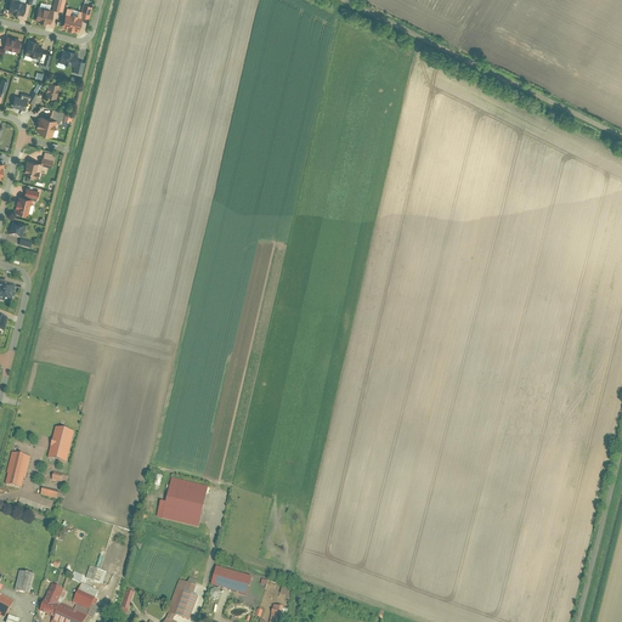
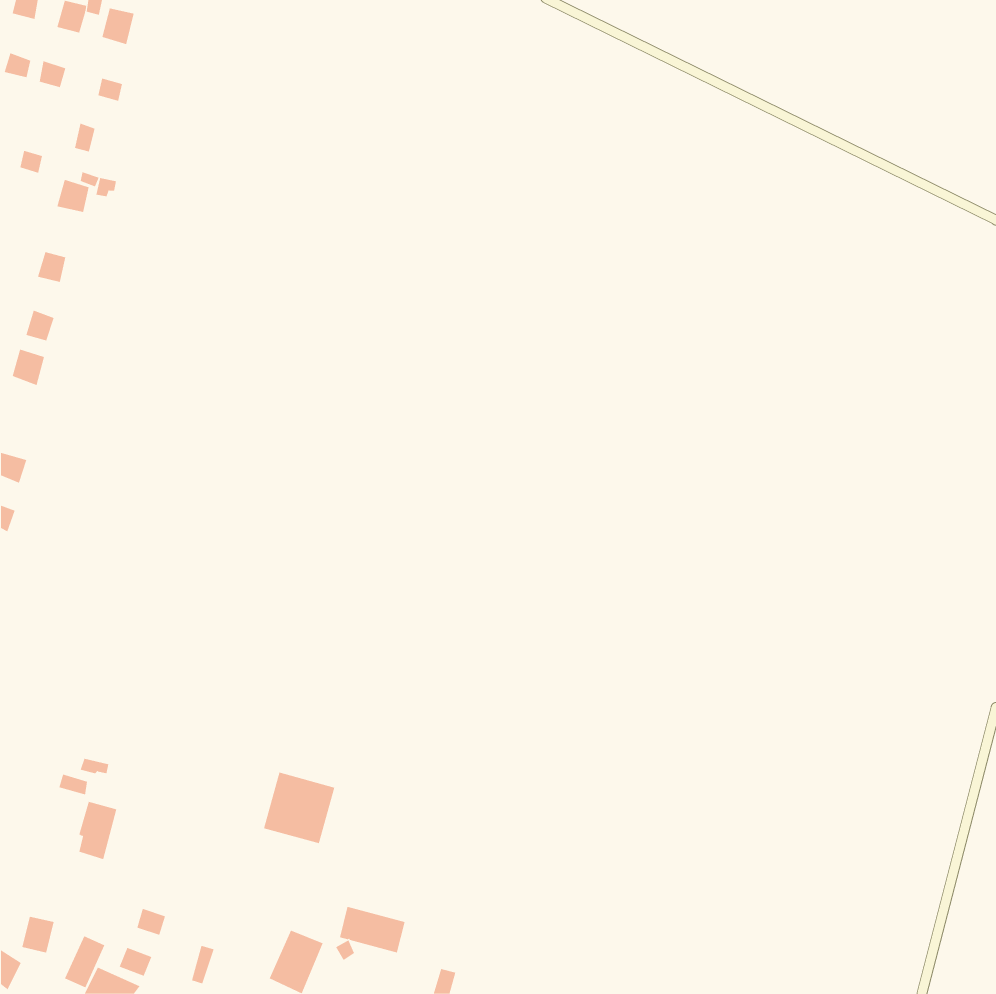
building: [47,425,74,462] -> none
building: [5,452,29,488] -> [78,801,117,860]

